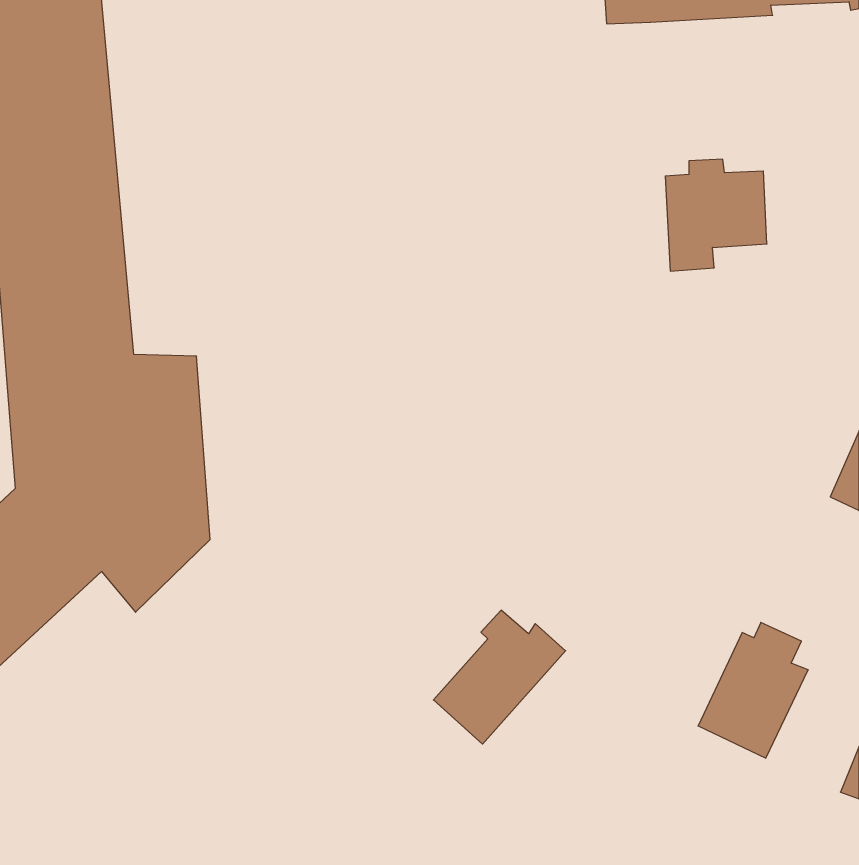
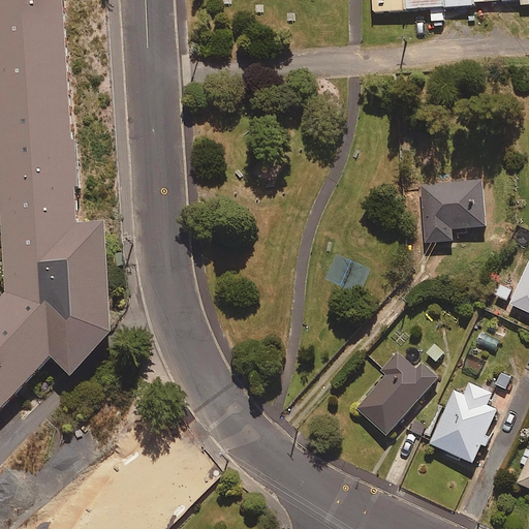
building: [665,159,767,271] -> [418,174,480,242]
building: [433,610,566,744] -> [352,352,433,434]

